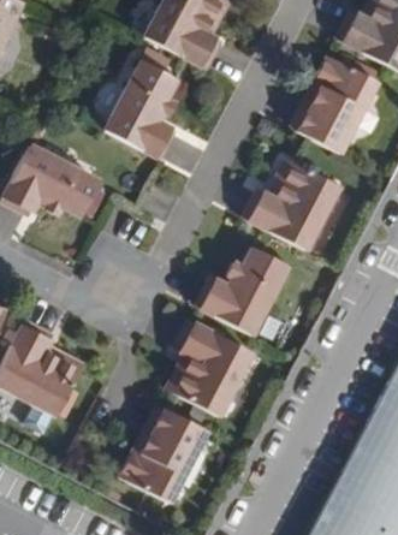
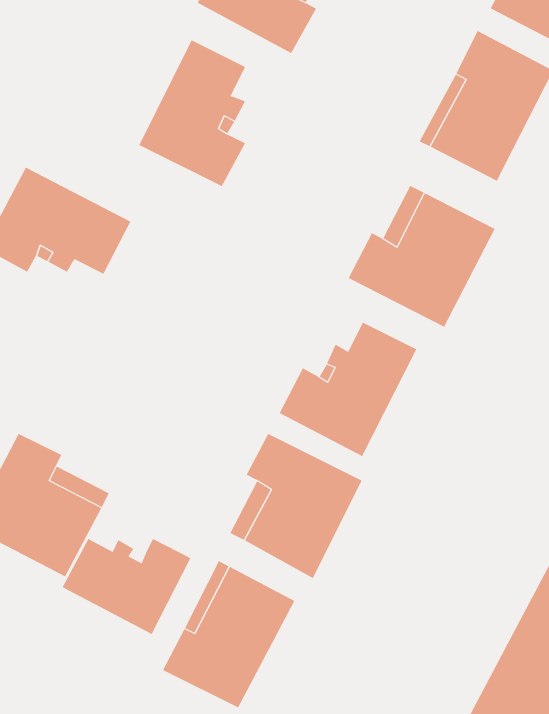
building: none -> [62,538,191,635]

